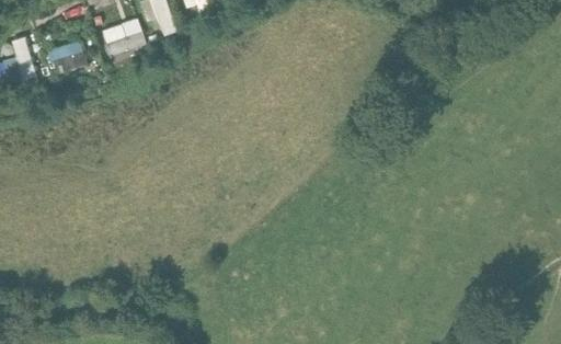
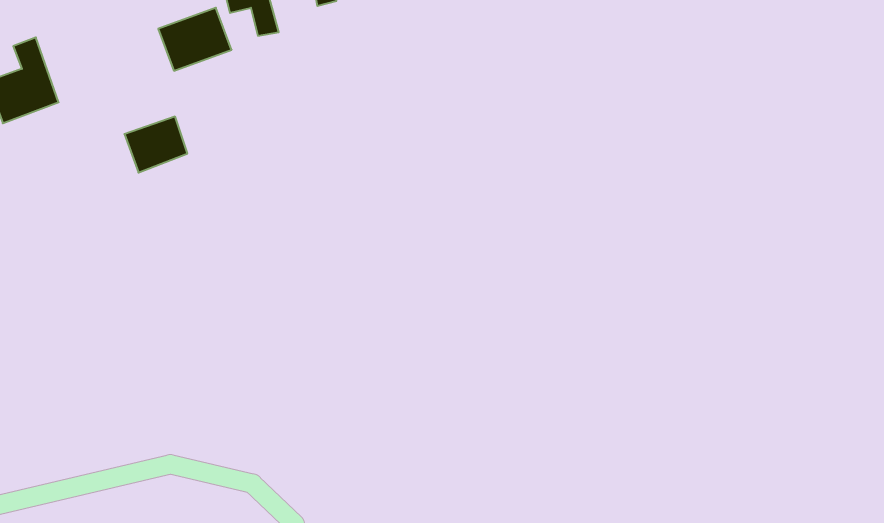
building: [48,39,88,74] -> [124,117,187,173]

